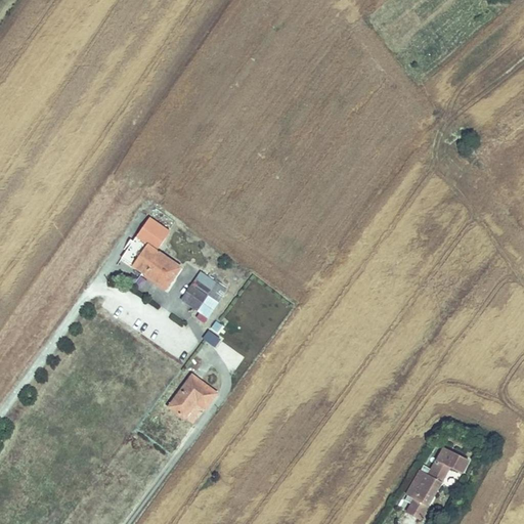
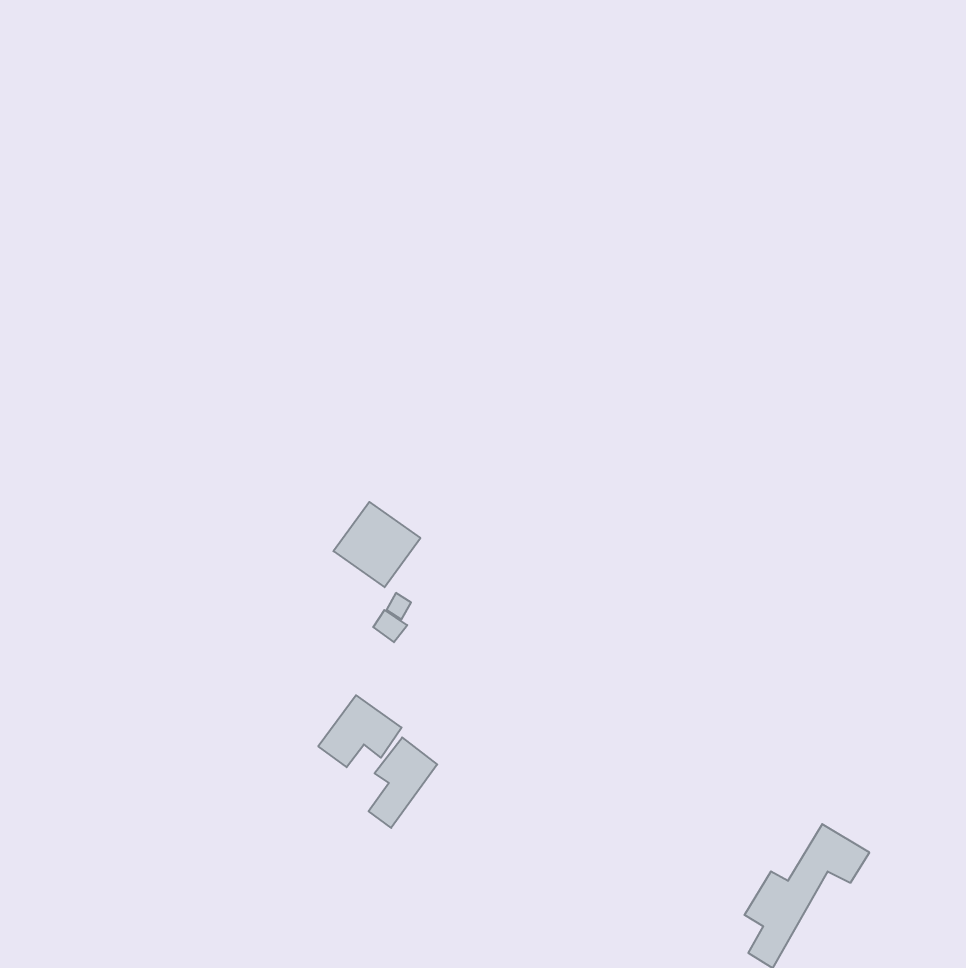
building: [121,222,180,289] -> none
building: none -> [369,737,437,828]

